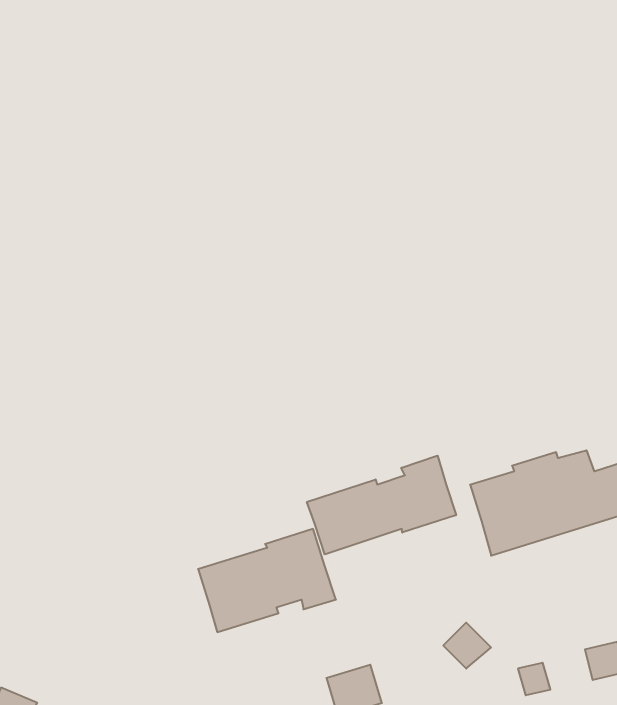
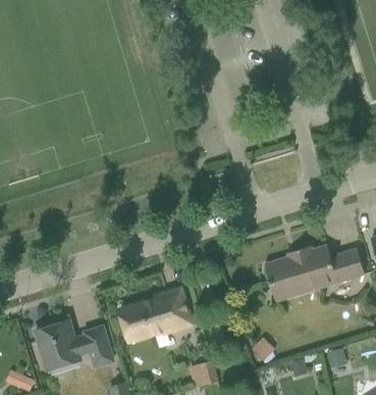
building: [307,456,456,554] -> none
building: none -> [35,320,112,369]

